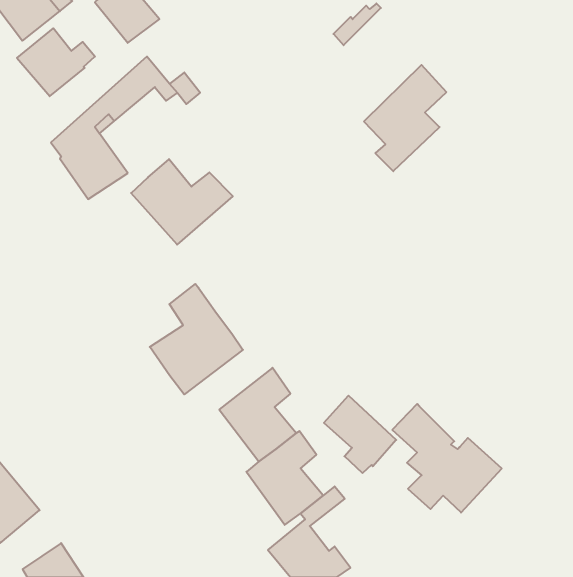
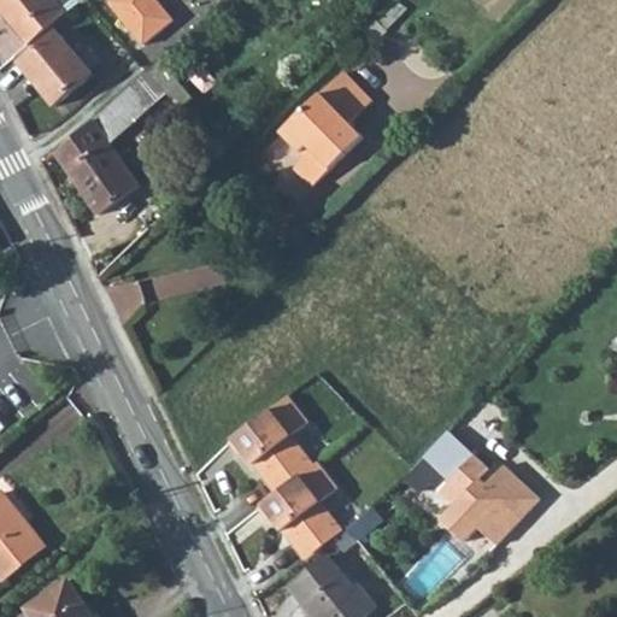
building: [364,65,446,171] -> [282,71,370,184]
building: [131,159,233,245] -> none
building: [150,284,243,394] -> none
building: [324,396,396,473] -> none

